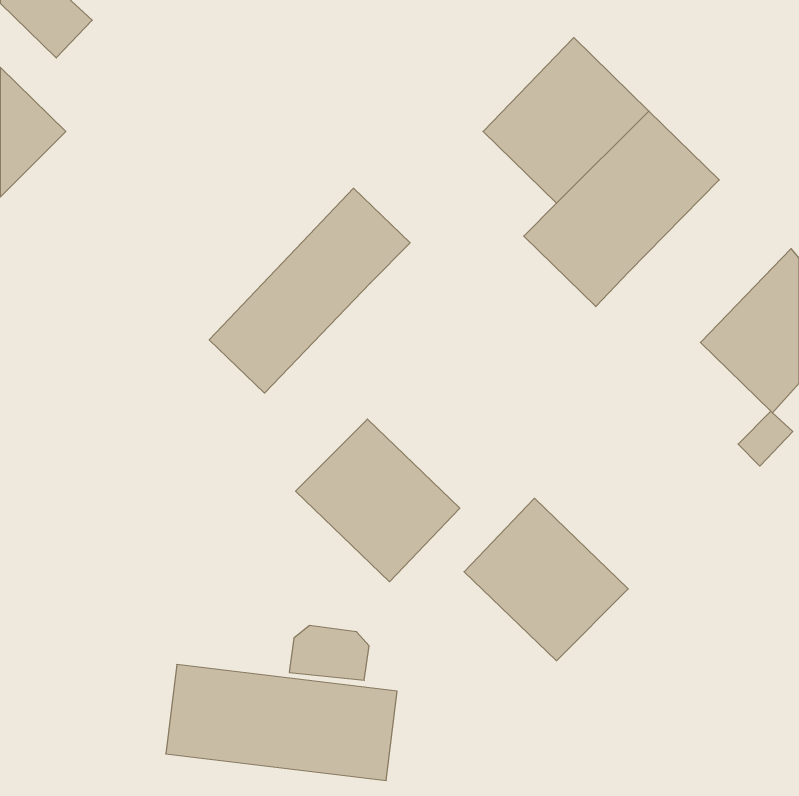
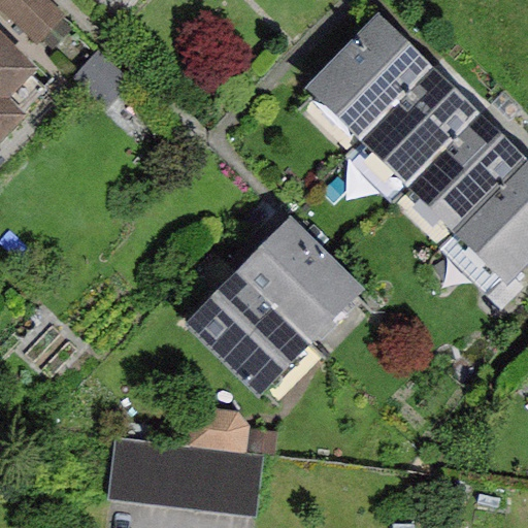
building: none -> [415,119,522,226]
building: [209,188,410,393] -> none
building: [464,498,628,661] -> [242,228,351,335]

